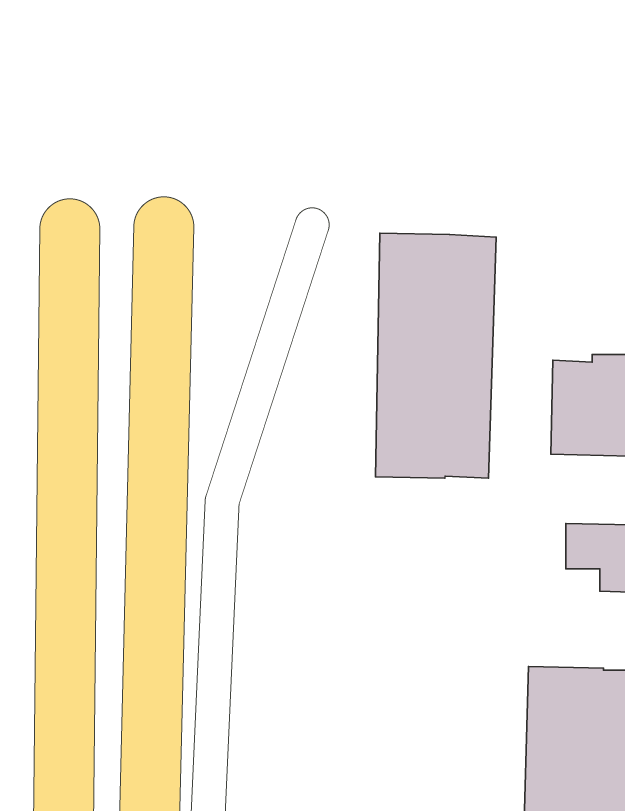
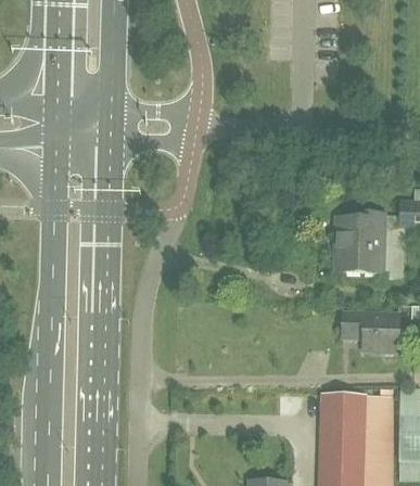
building: [376,233,496,478] -> none

